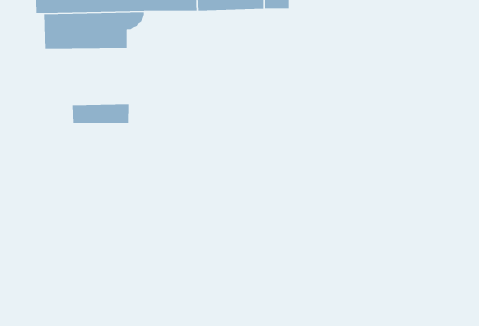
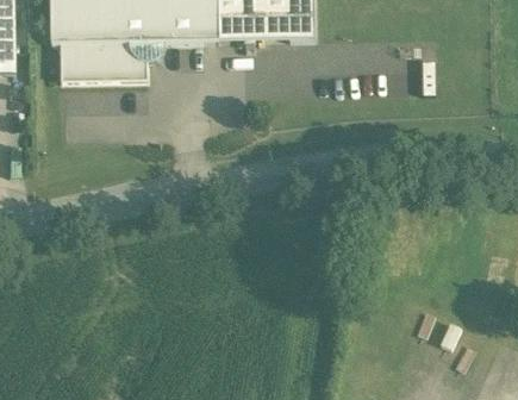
building: [72,104,130,124] -> none

